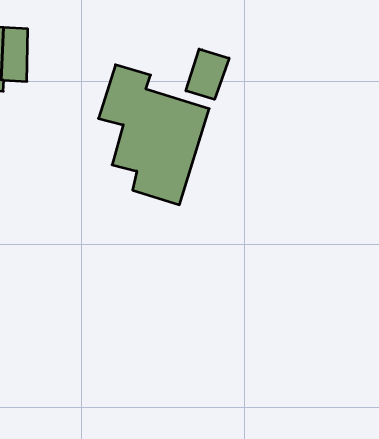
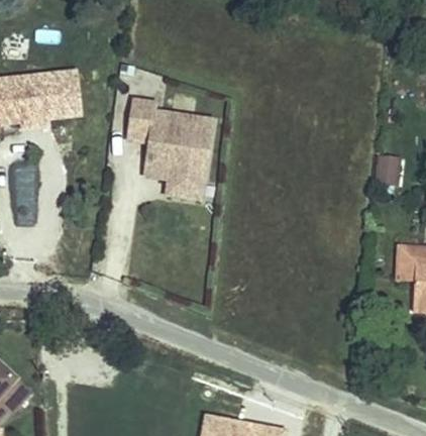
building: [186,49,229,99] -> none

